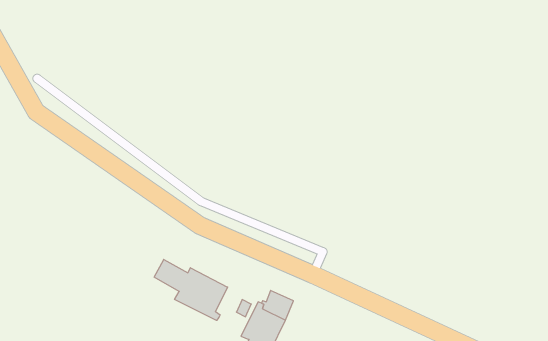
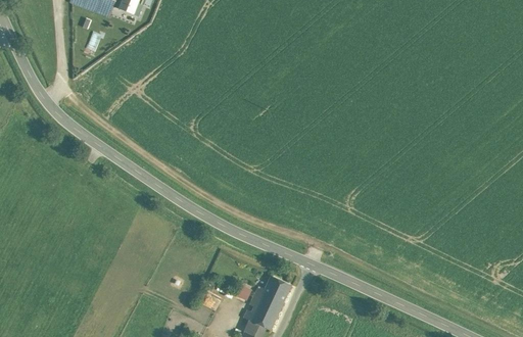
building: [154,259,228,320] -> none

